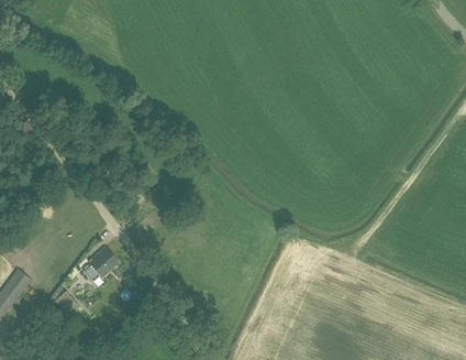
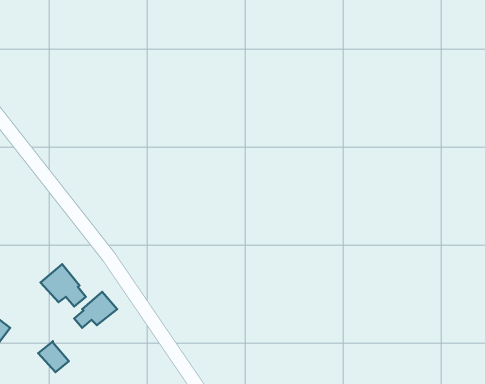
building: none -> [41,264,86,307]

